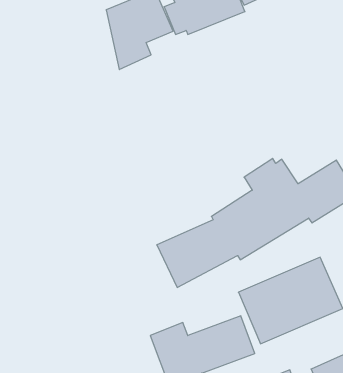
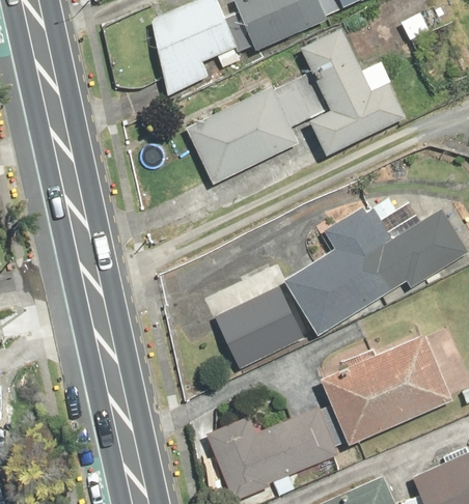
building: none -> [185,26,408,184]

